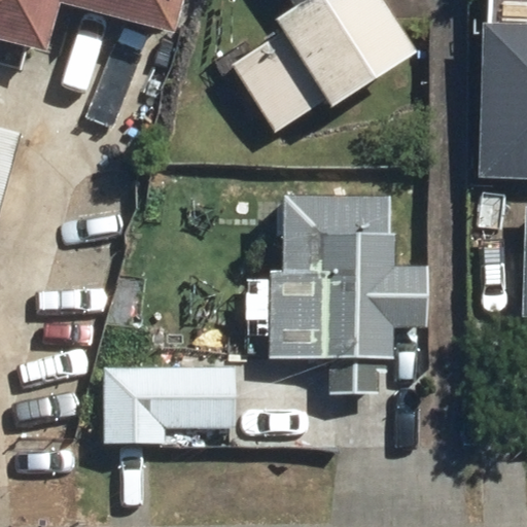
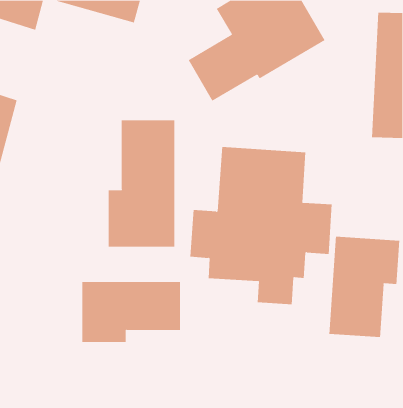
building: none -> [108,120,175,247]
building: none -> [329,236,400,338]

